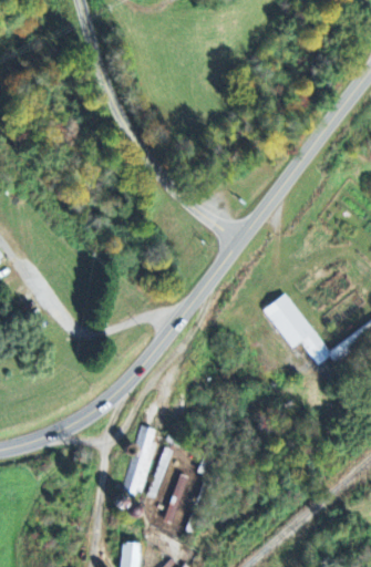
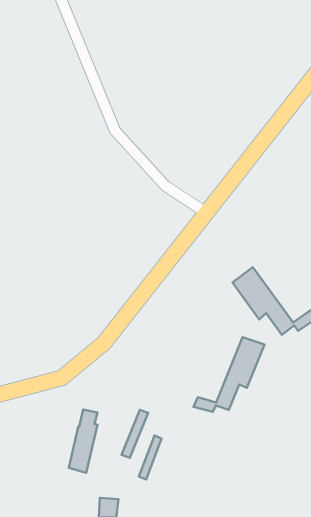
building: none -> [194,337,265,412]
building: [124,426,155,495] -> [69,409,98,473]

